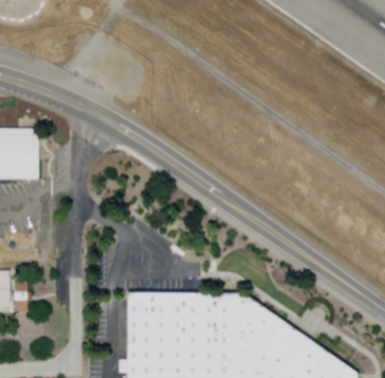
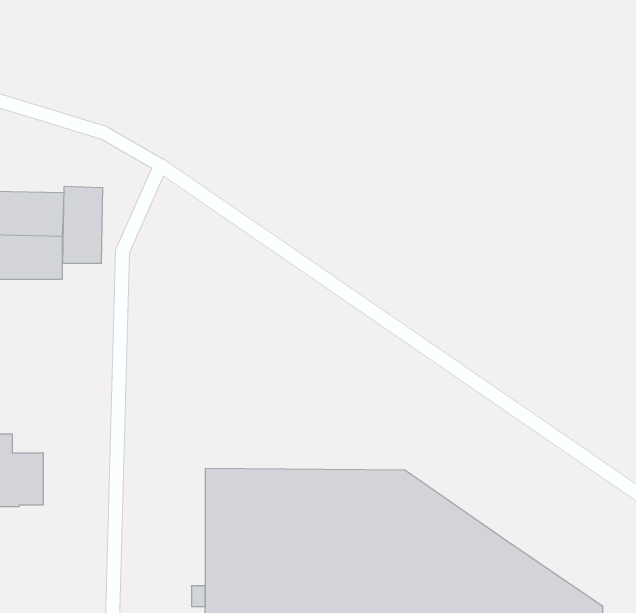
building: none -> [63,186,102,264]

